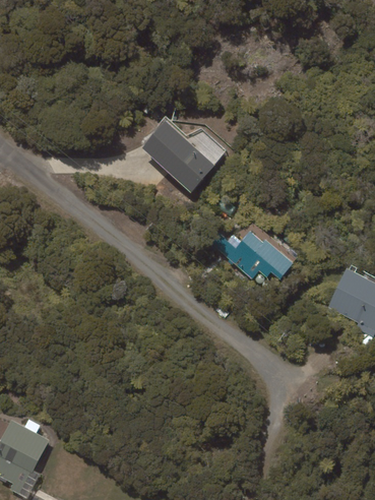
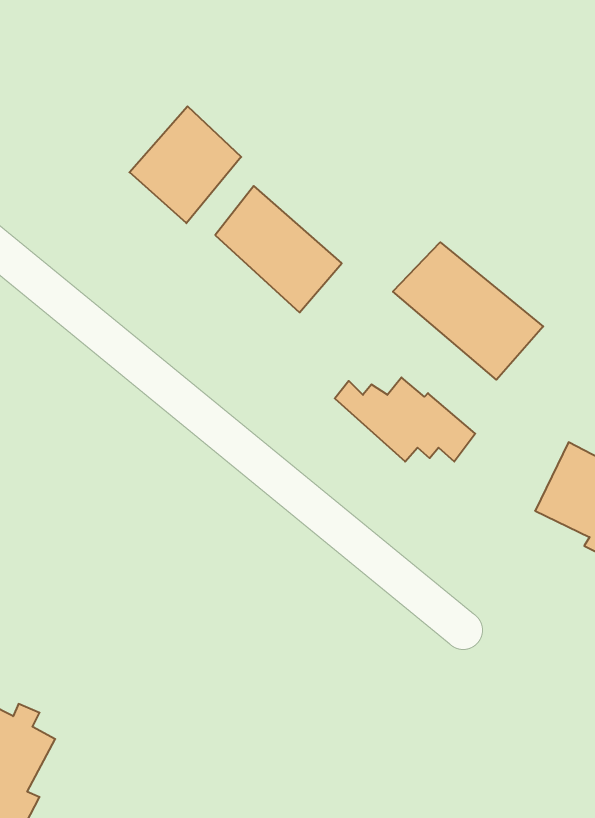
building: none -> [129,106,241,223]
building: none -> [393,242,543,380]

